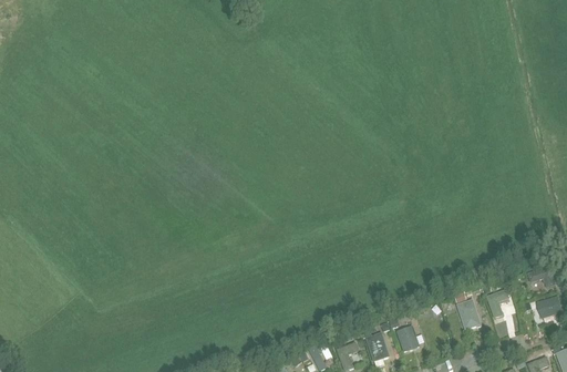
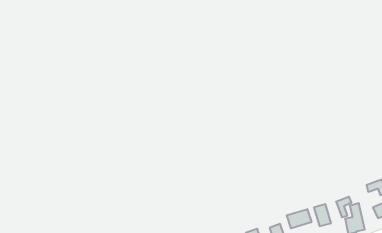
building: none -> [287,209,311,228]

